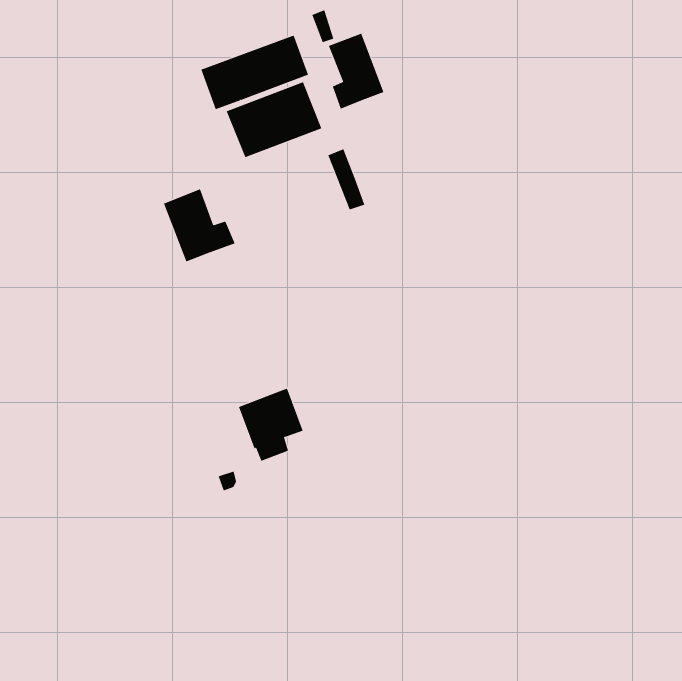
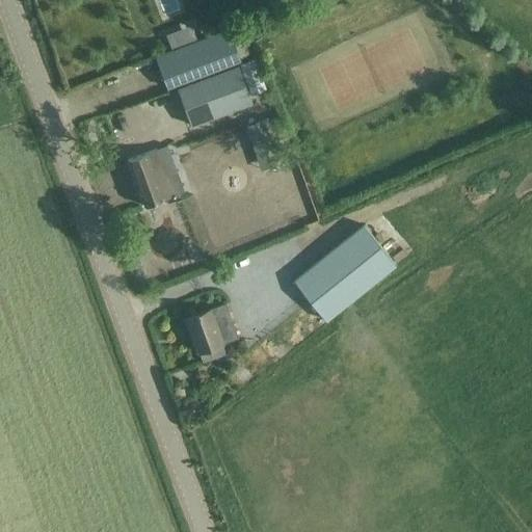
building: [328,33,384,110] -> none
building: none -> [290,236,393,331]

